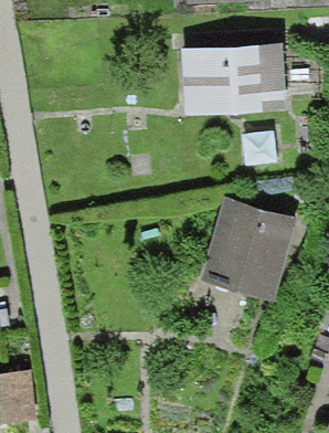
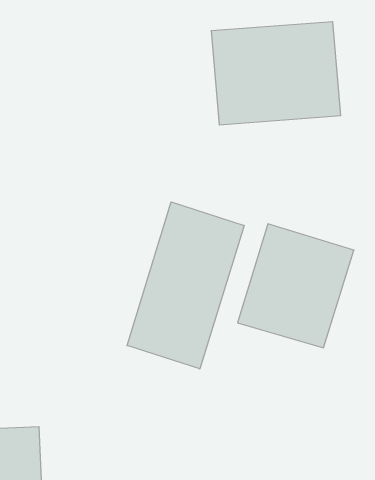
building: none -> [127,202,244,369]

